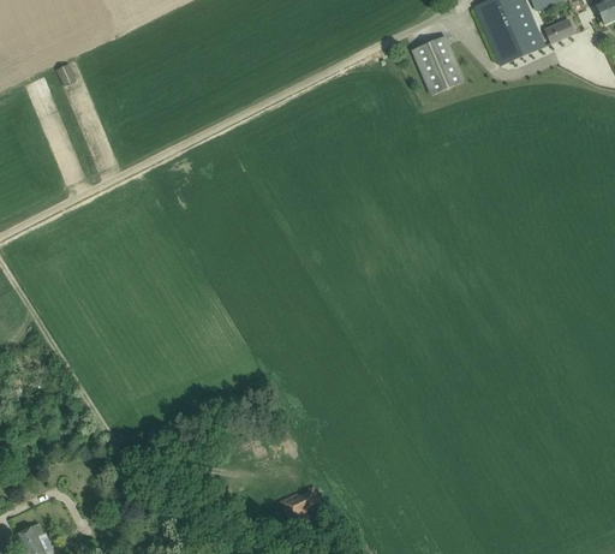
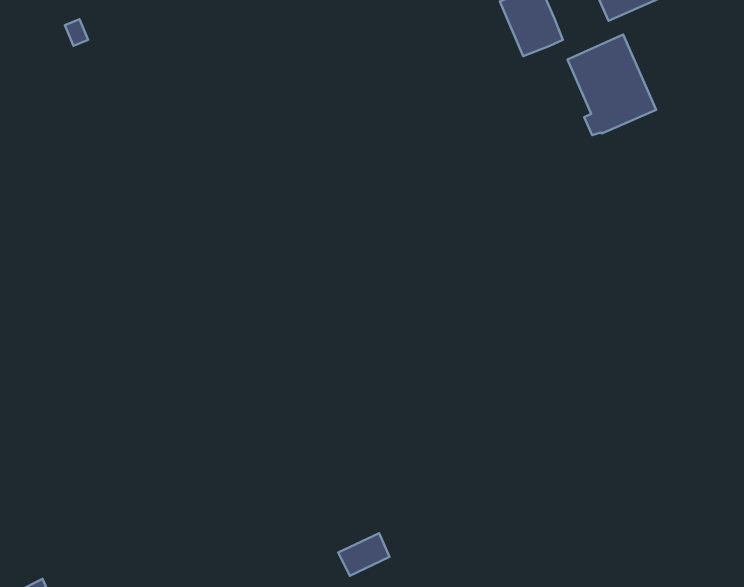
building: none -> [568,35,656,135]

